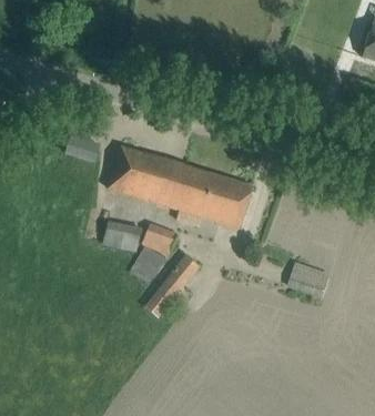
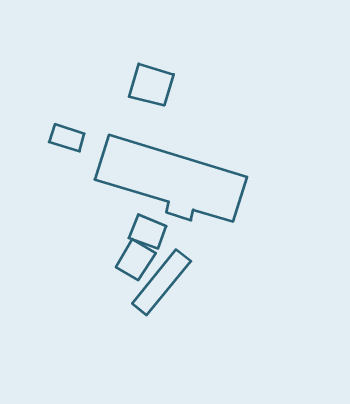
building: none -> [129,64,174,105]
building: [100,219,141,254] -> none
building: [286,262,327,295] -> none

